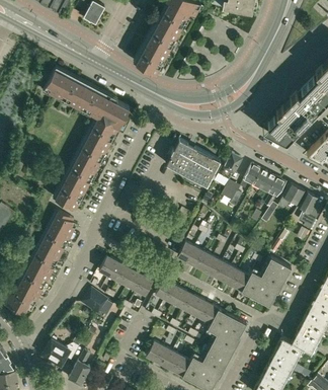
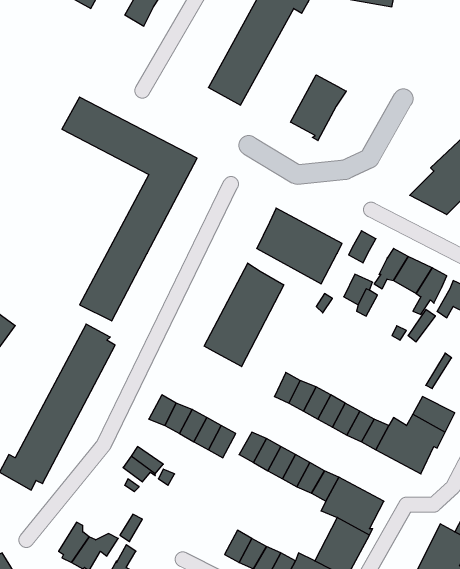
building: none -> [291,75,346,141]
building: none -> [204,263,284,367]

